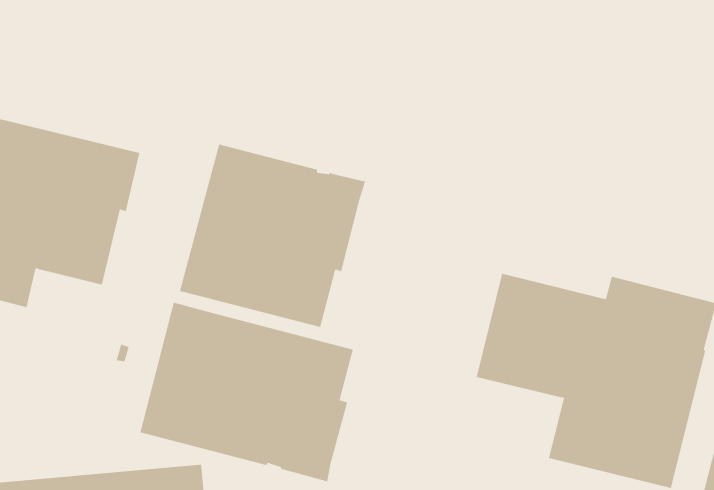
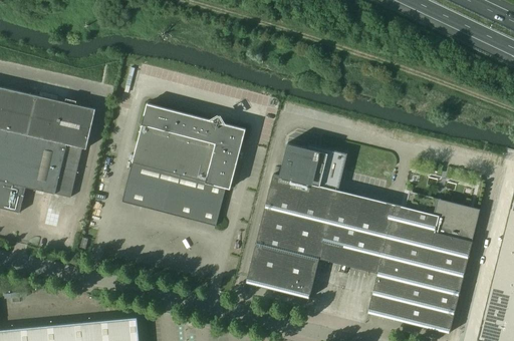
building: none -> [246,143,346,298]
building: [140,302,353,482] -> none

